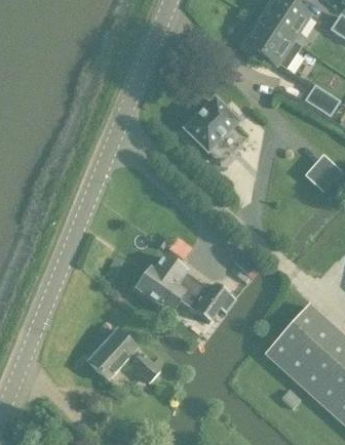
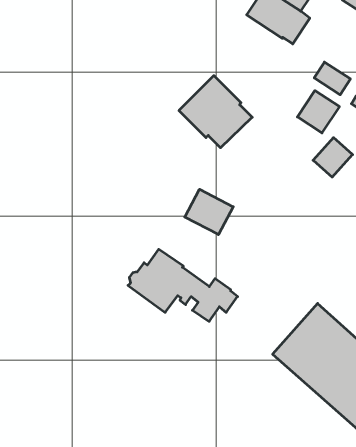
building: none -> [297,91,339,133]
building: none -> [185,189,233,235]
building: [86,328,159,380] -> none

